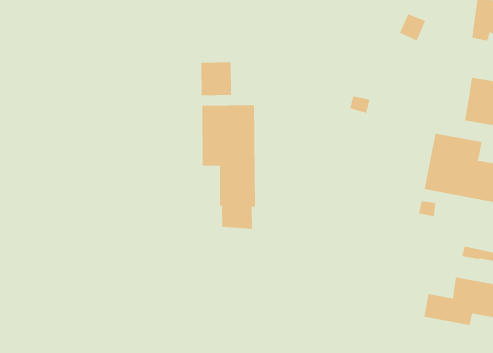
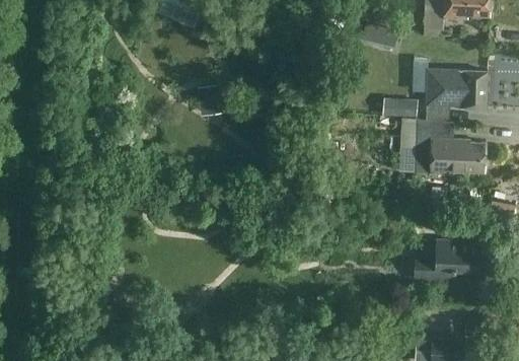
building: [202,104,256,230] -> none
building: none -> [383,99,417,117]

